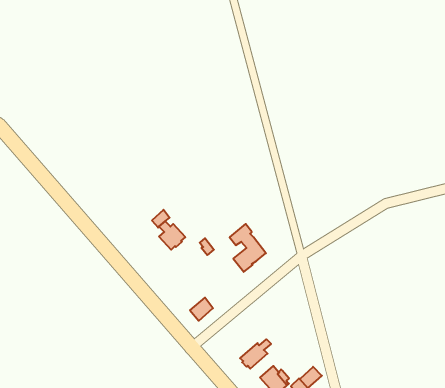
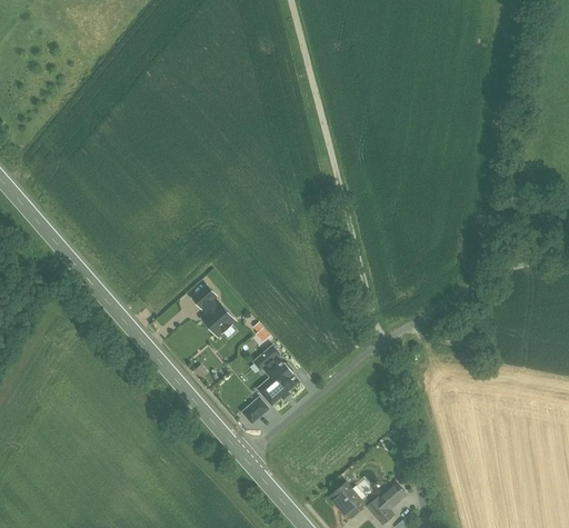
building: [230,224,266,272] -> [252,345,298,405]
building: [240,339,271,369] -> none

